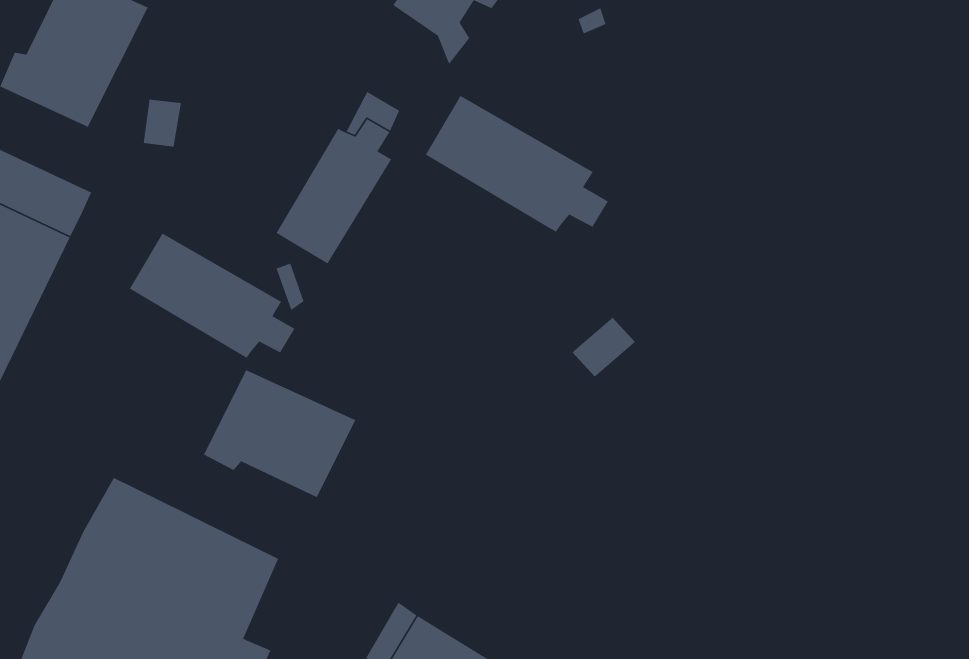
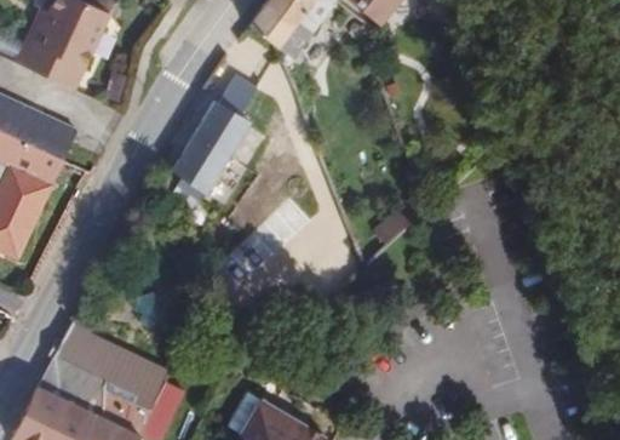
building: [425,95,609,233] -> none
building: [129,232,295,359] -> none
building: [203,369,357,498] -> none

